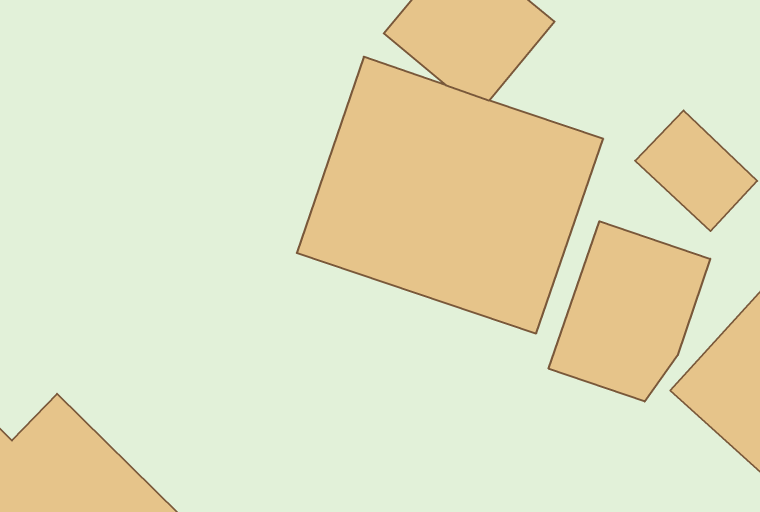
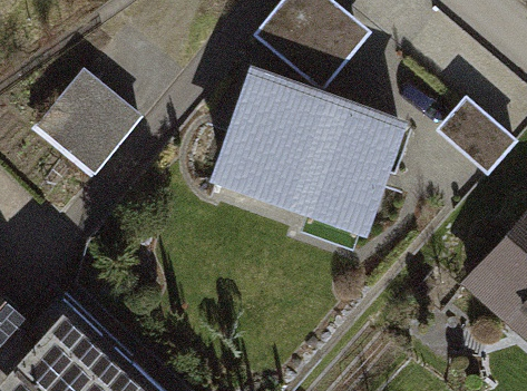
building: none -> [33,78,143,186]
building: [549,221,710,402] -> none

